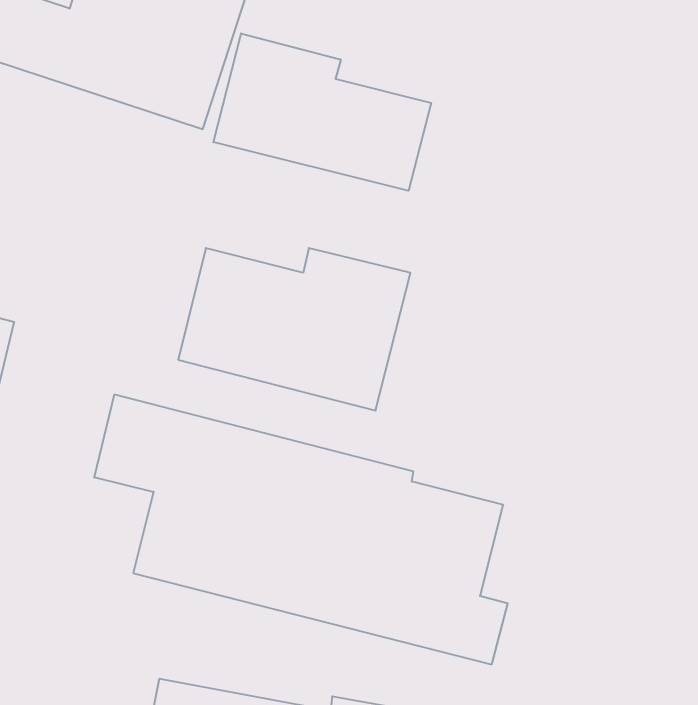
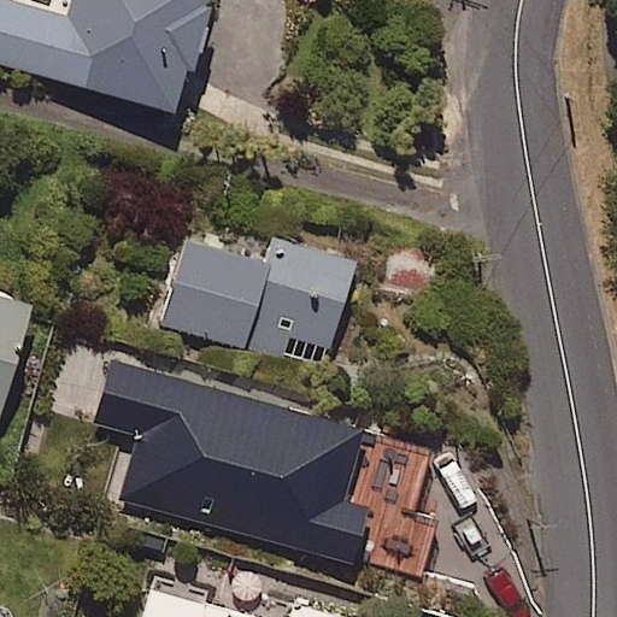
building: [213,33,431,191] -> none

